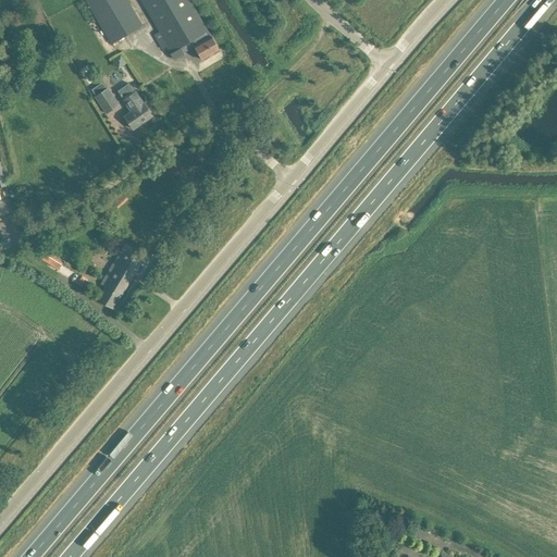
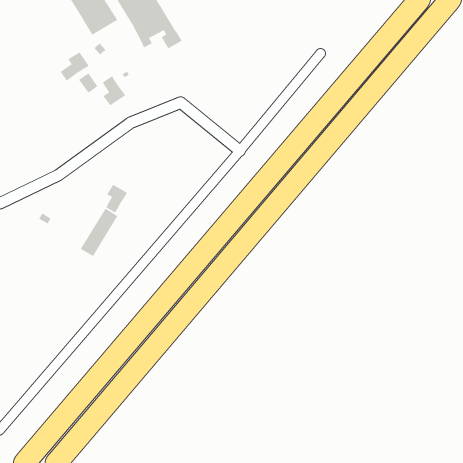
building: none -> [60,52,89,81]
building: none -> [105,184,128,214]

